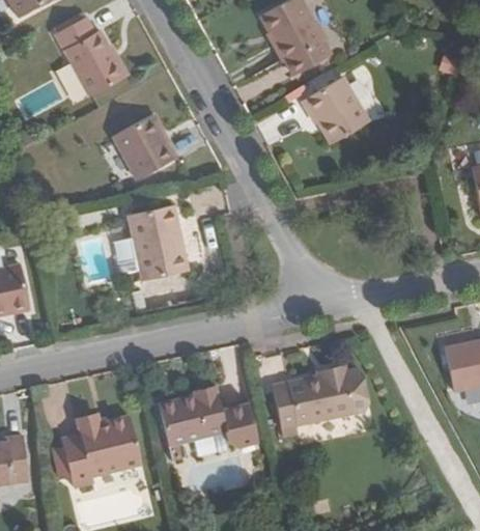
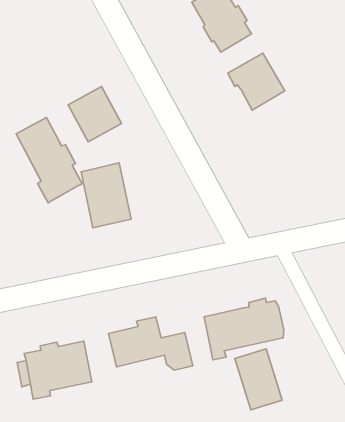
building: [55,17,124,96] -> none
building: none -> [16,117,82,203]
building: none -> [235,349,282,410]

